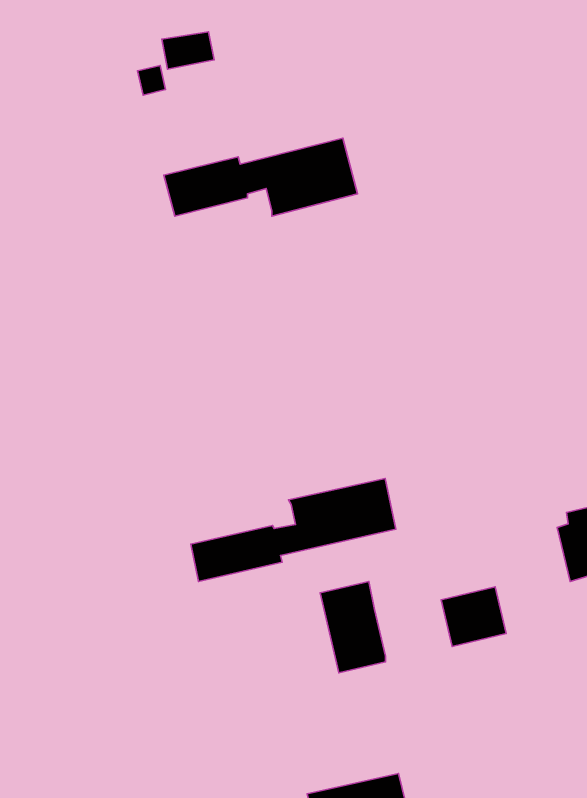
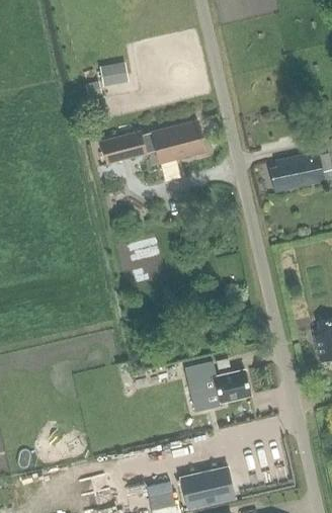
building: none -> [269,154,326,193]
building: [191,478,396,581] -> none
building: [441,587,506,647] -> [215,369,250,402]

